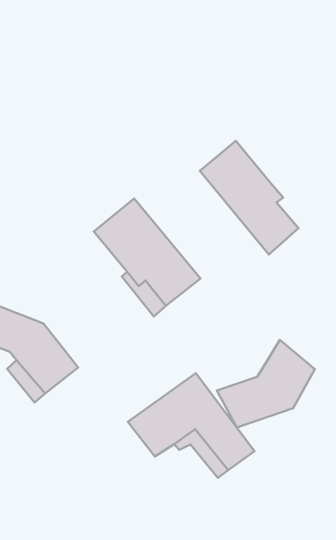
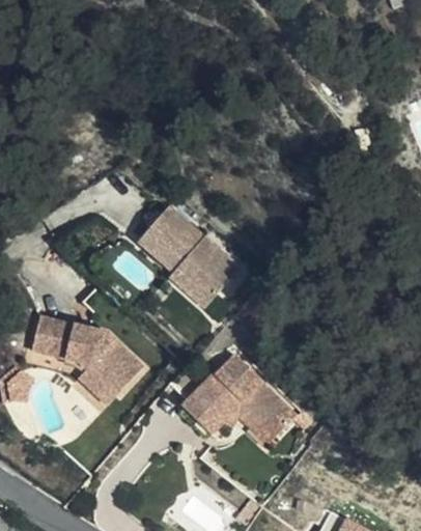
building: [200,141,299,254] -> none
building: [217,340,315,427] -> none

